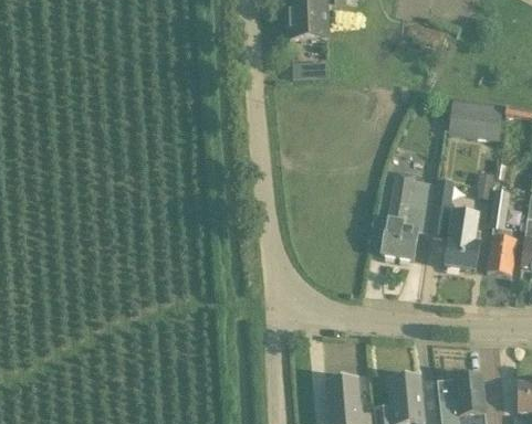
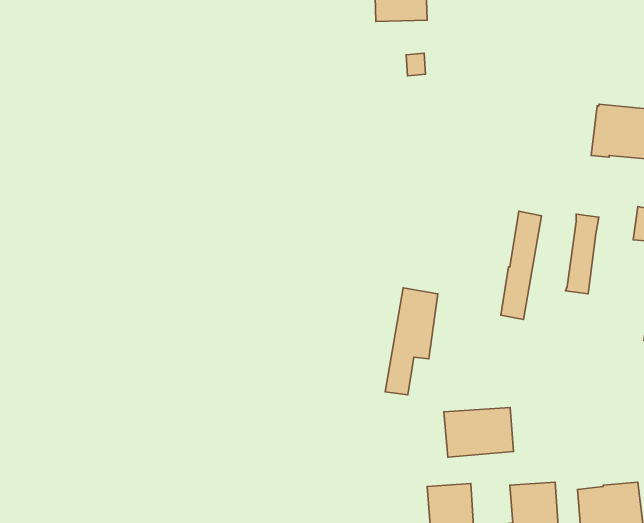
building: [398,180,437,258] -> [385,288,438,395]
building: [446,211,481,271] -> none
building: none -> [444,408,514,457]

